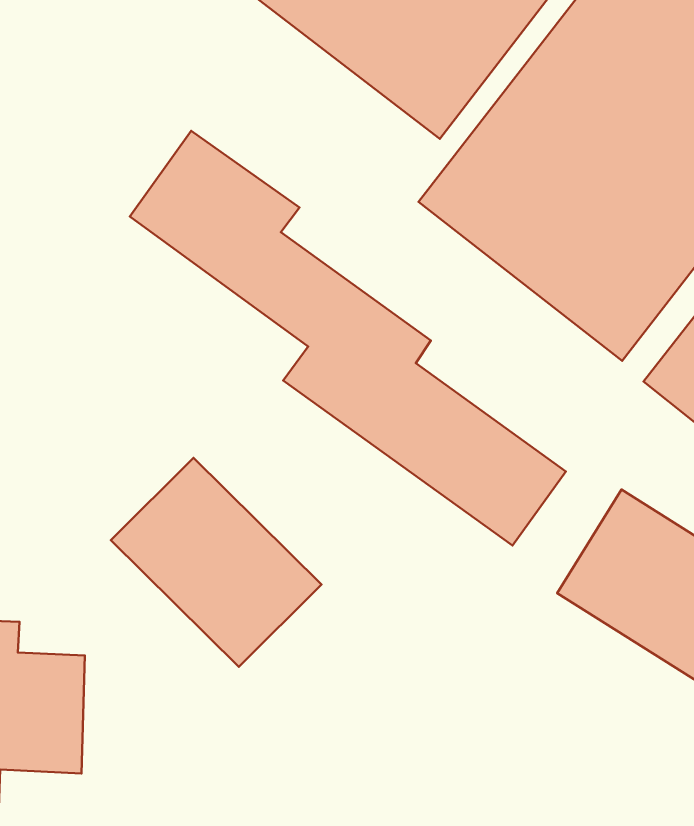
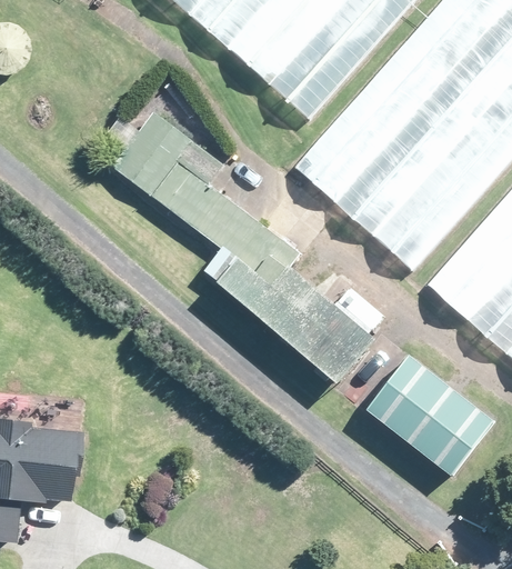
building: [111,458,321,667] -> none

